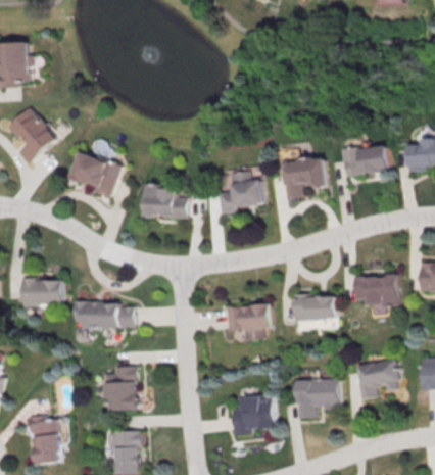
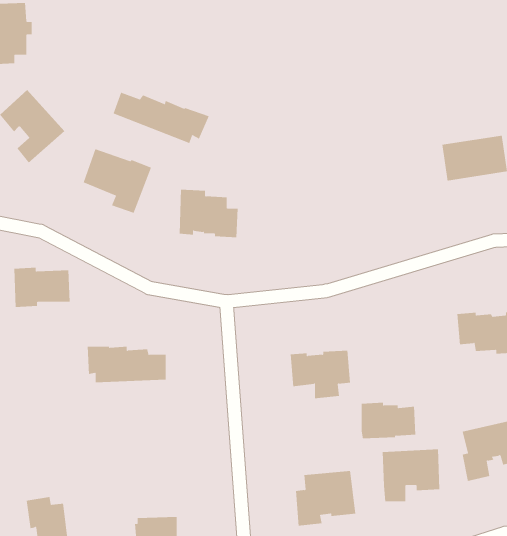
building: none -> [113,92,209,144]
building: [284,156,328,198] -> none
building: [218,170,264,213] -> none
building: [20,277,63,307] -> [14,267,70,308]
building: [294,293,336,321] -> [361,402,416,439]
building: [103,366,138,410] -> none

